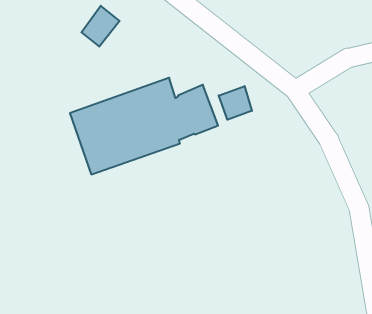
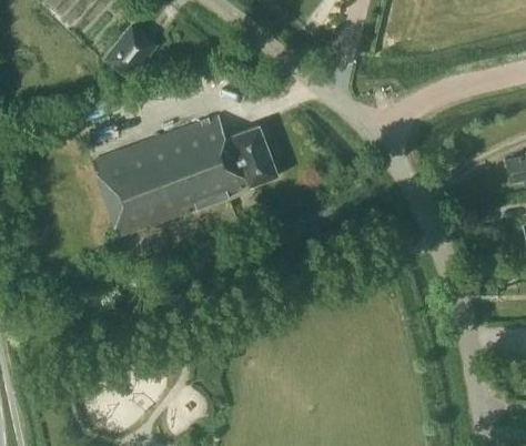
building: [219,86,252,120] -> none

